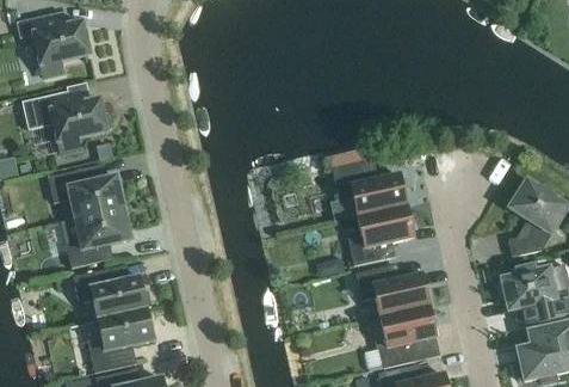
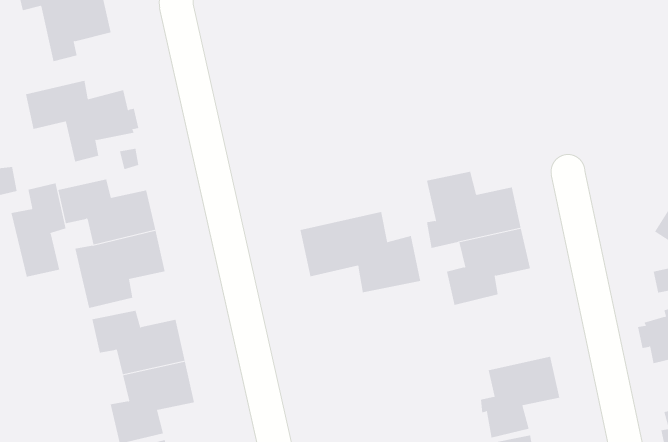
building: none -> [11,183,66,278]
building: none -> [300,211,421,293]
building: [357,265,429,315] -> none

